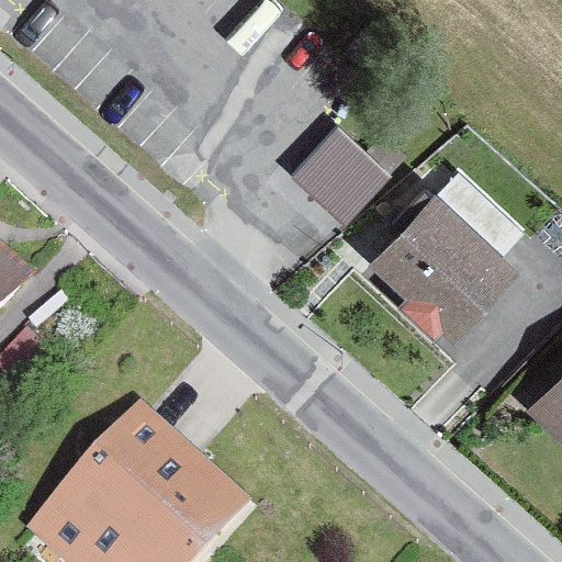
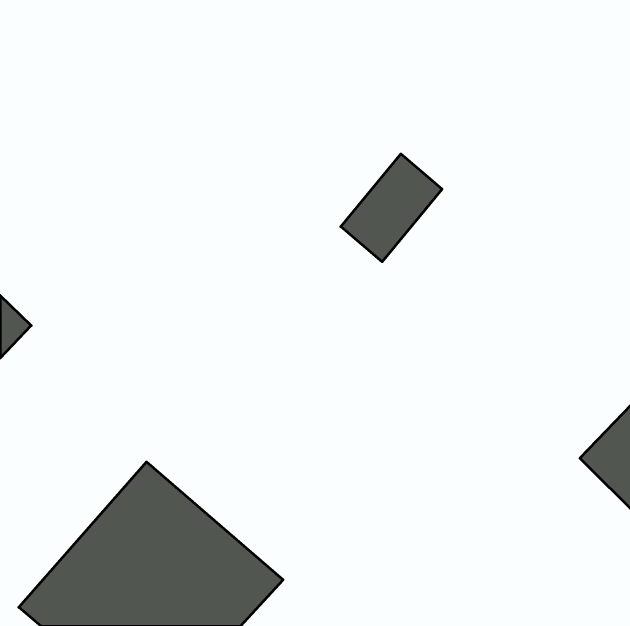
building: [356,179,519,341] -> none

